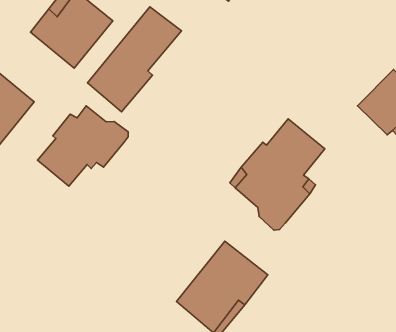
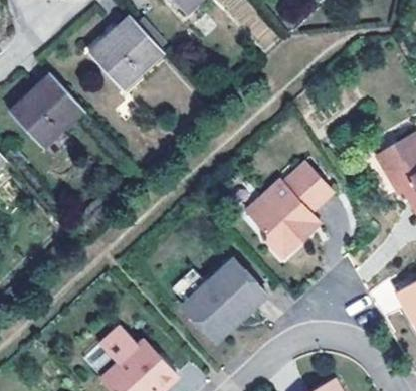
building: [88,7,181,112] -> none
building: [38,106,128,186] -> none

